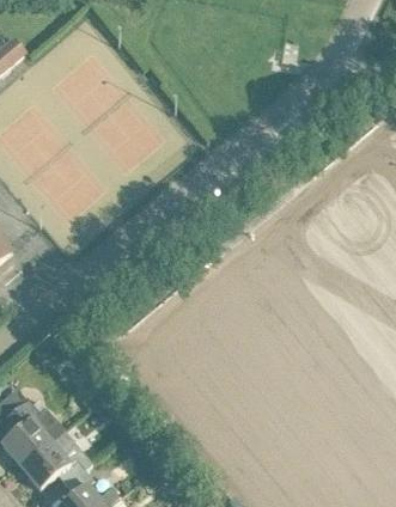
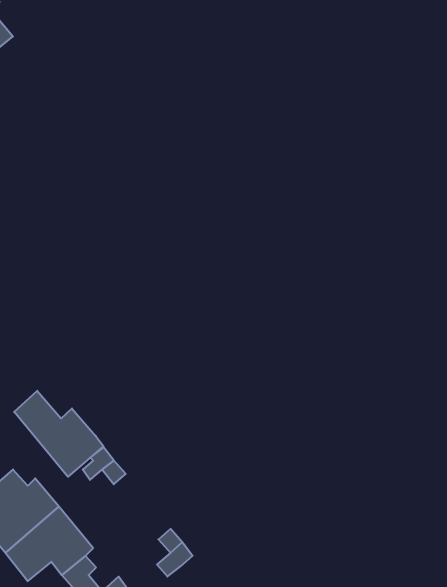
building: none -> [14,391,103,477]

